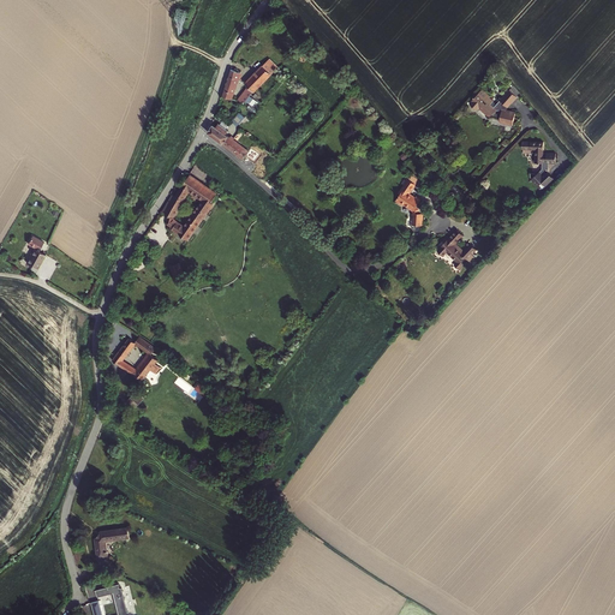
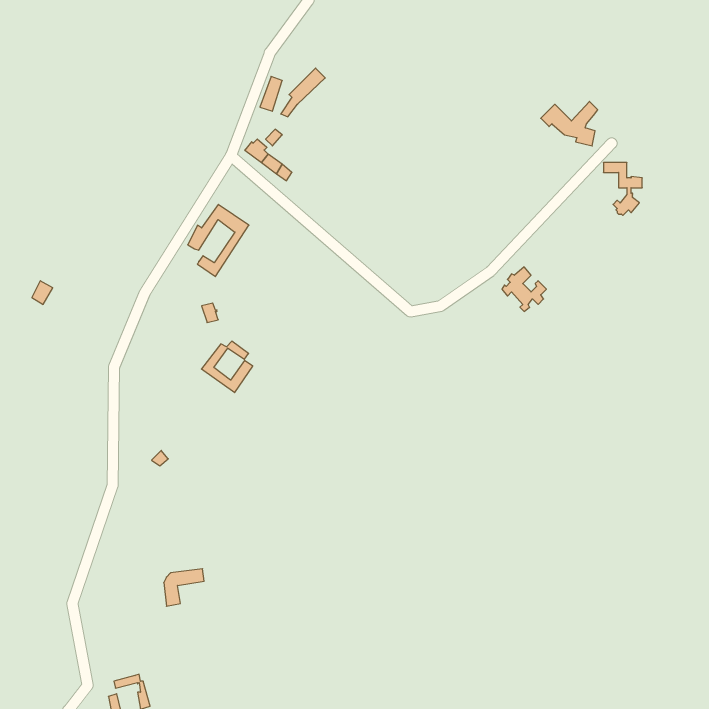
building: [395,184,420,232] -> none
building: [115,336,160,381] -> [201,341,253,393]
building: [94,530,129,562] -> [164,569,204,606]

